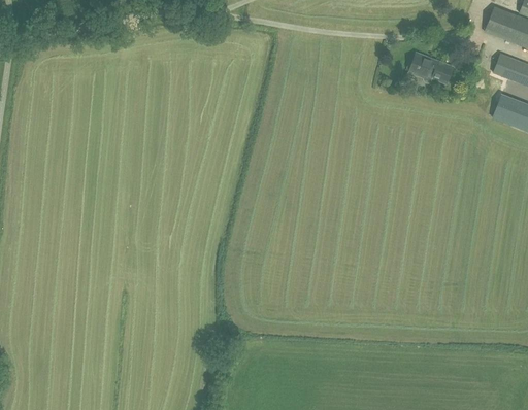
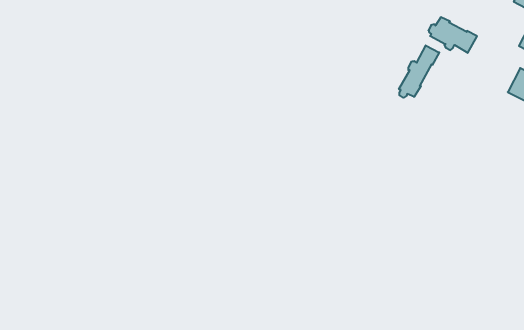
building: none -> [399,45,439,98]

